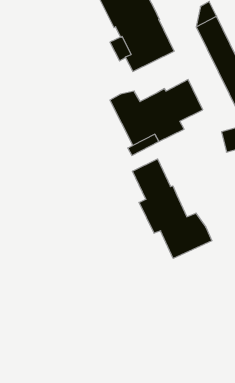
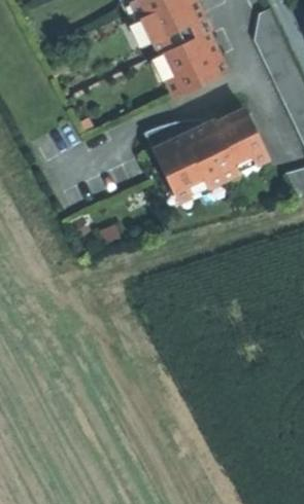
building: [133,159,212,258] -> none

